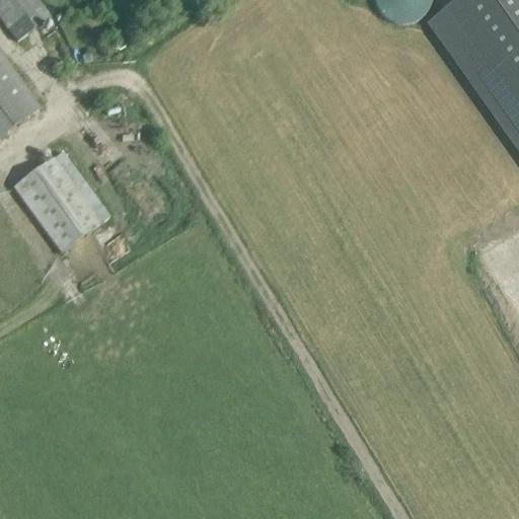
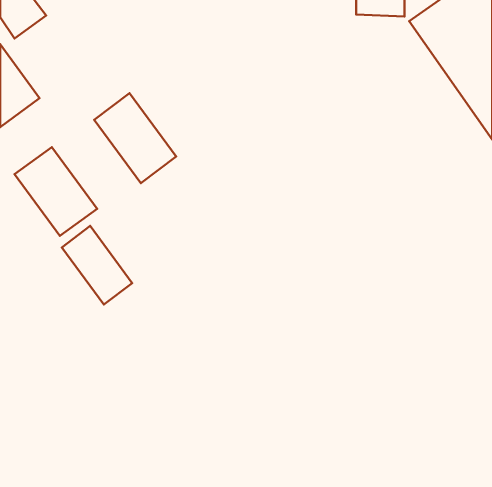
building: none -> [94,93,176,183]
building: none -> [62,226,132,304]

